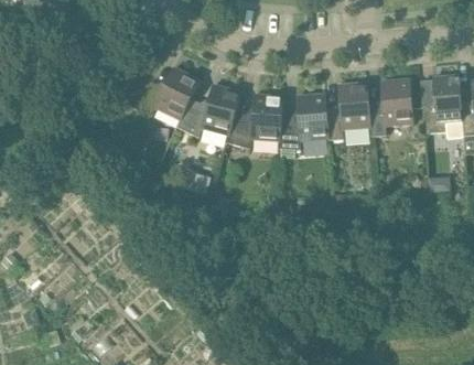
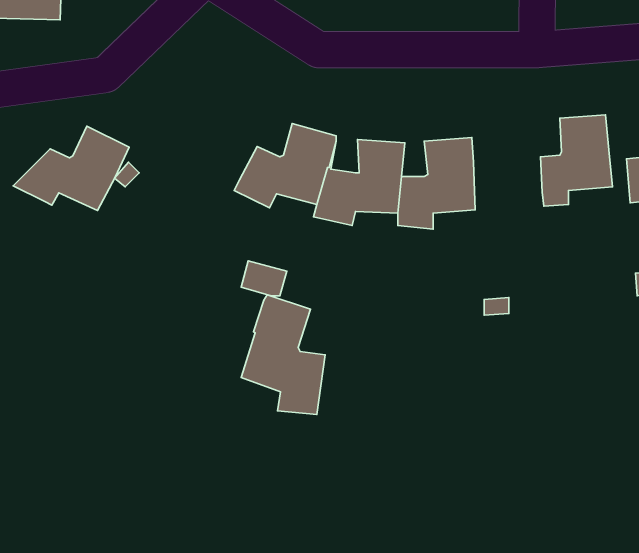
building: [127,65,200,118] -> [13,126,129,210]
building: [326,80,369,138] -> none
building: none -> [241,295,325,414]

